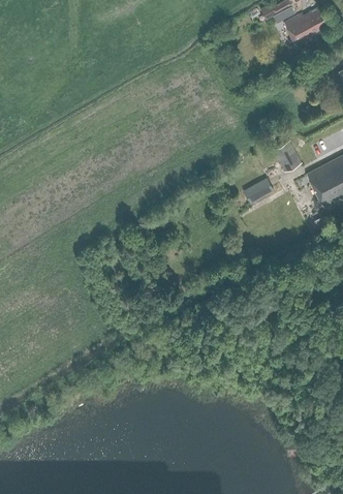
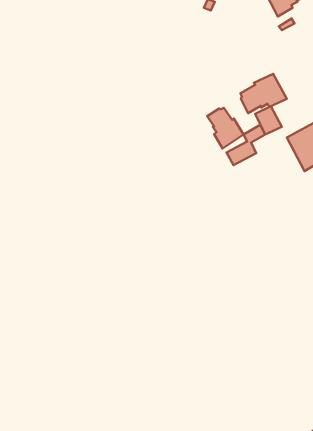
building: none -> [240,74,287,113]
building: none -> [207,108,243,148]

